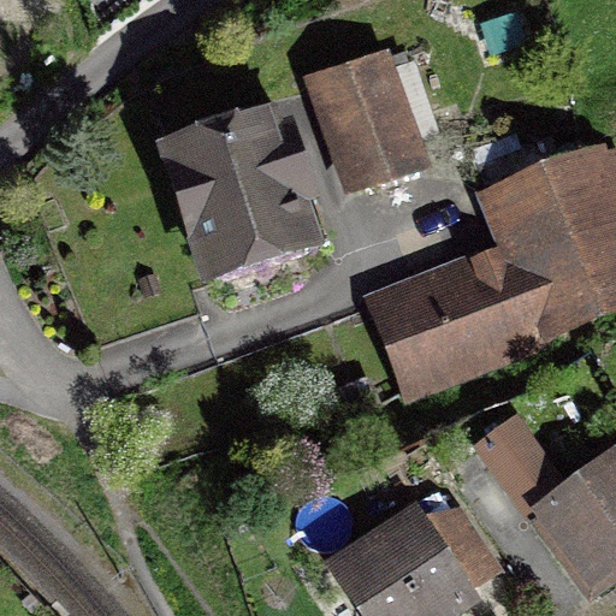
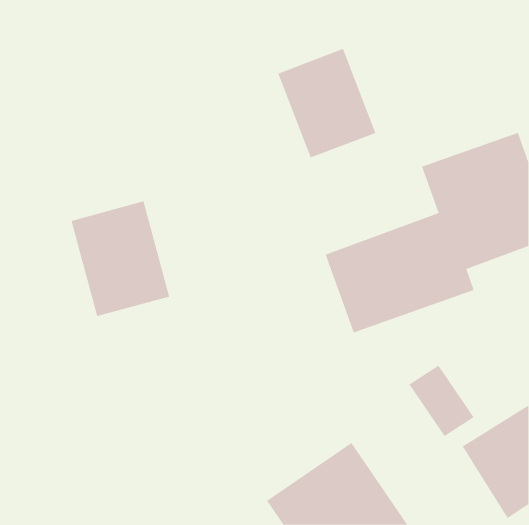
building: [168,114,334,286] -> none
building: none -> [71,201,170,317]

